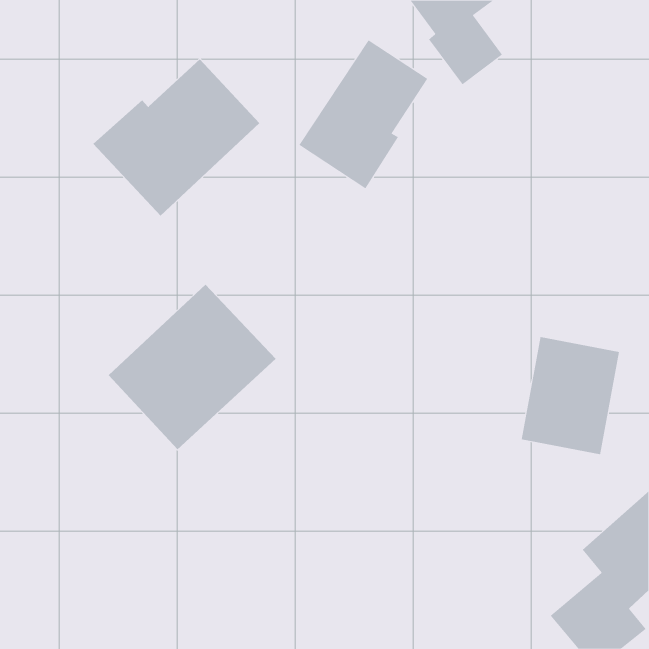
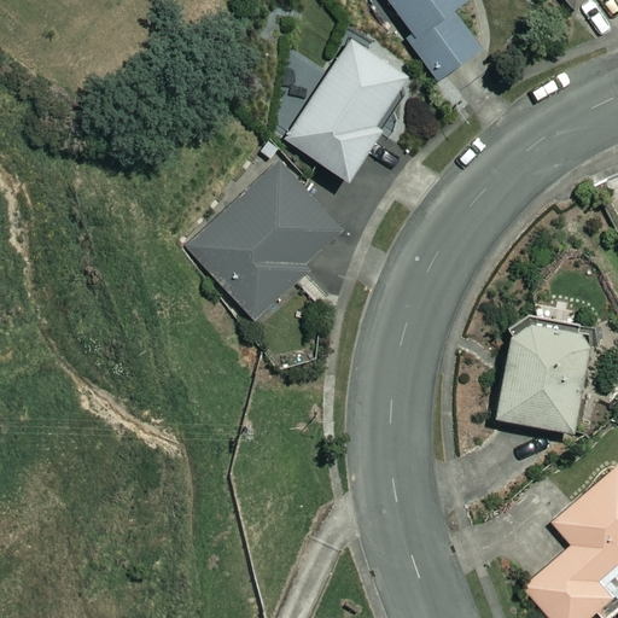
building: [93,59,260,216] -> none
building: [108,284,277,450] -> [190,161,350,319]

